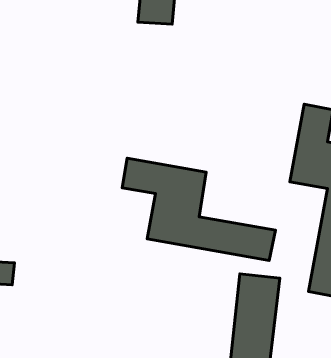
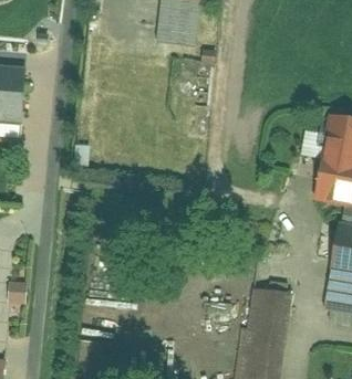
building: [122,158,276,261] -> none

